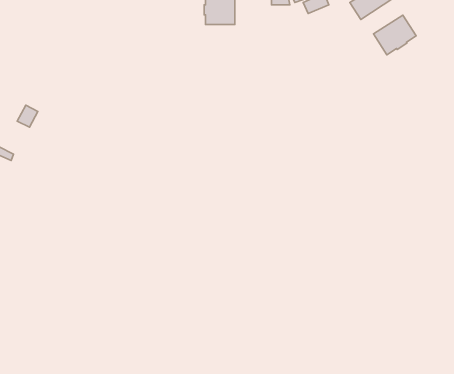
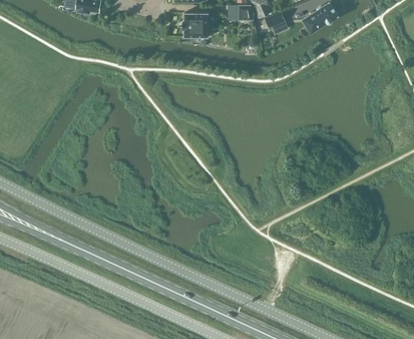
building: [373,15,416,55] -> none

